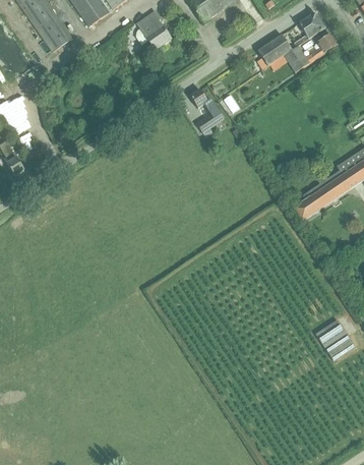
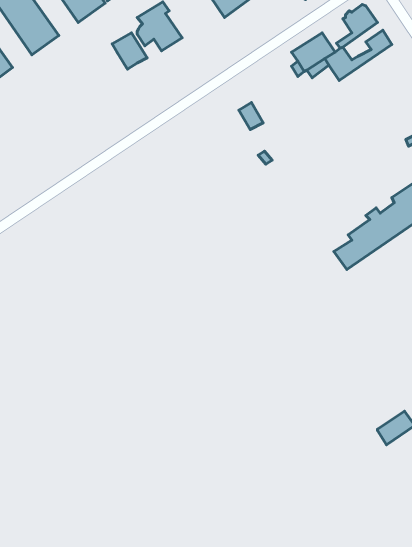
building: none -> [112,33,147,69]
building: [190,89,224,136] -> none
building: [315,318,347,348] -> none

